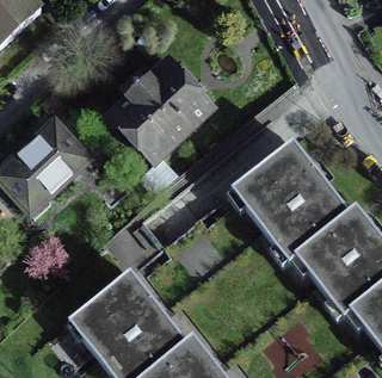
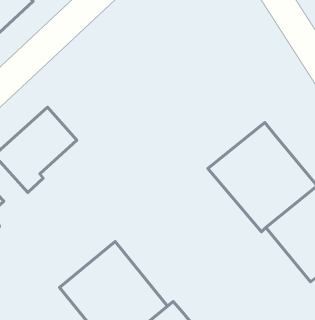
building: [113,62,208,159] -> none

